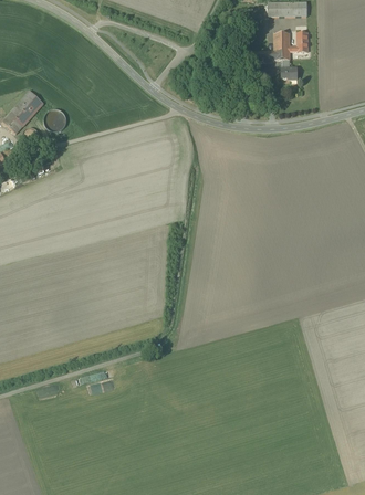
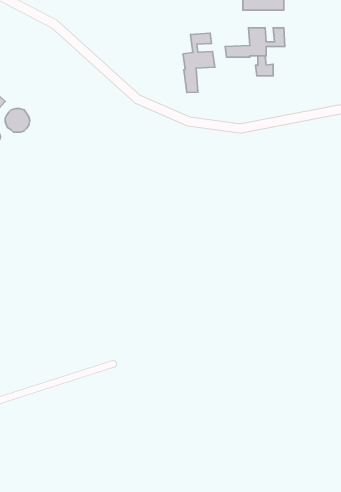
building: none -> [183,33,215,92]

